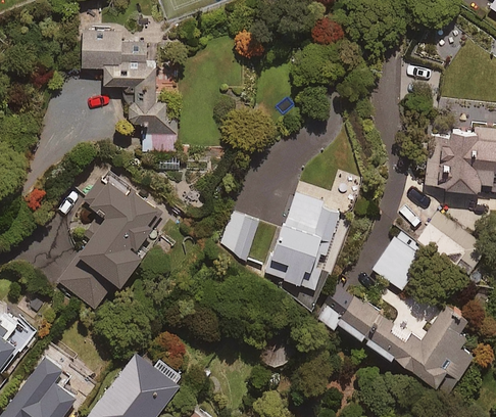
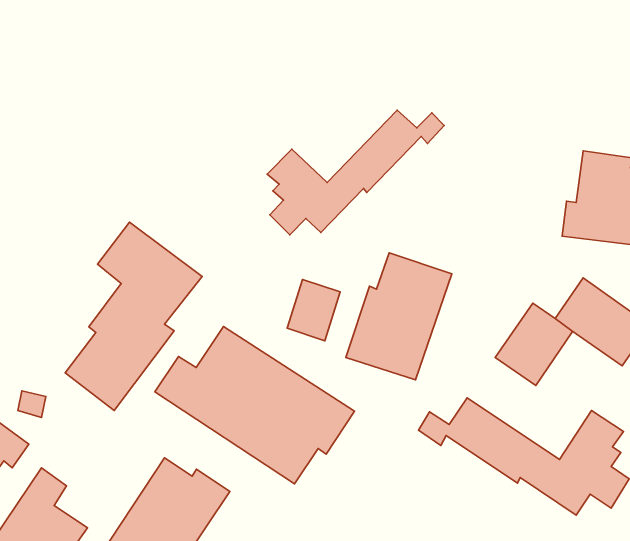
building: [83,33,178,153] -> none
building: none -> [267,110,444,235]
building: none -> [155,327,354,484]

